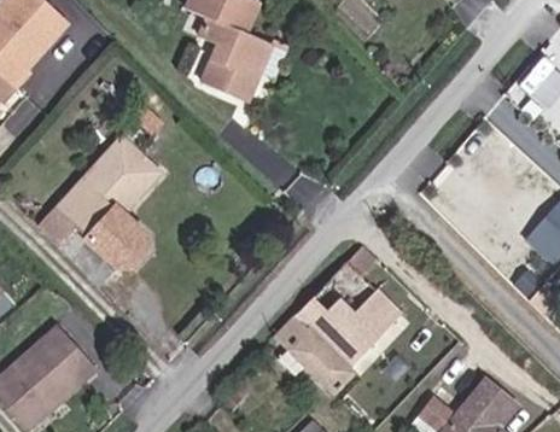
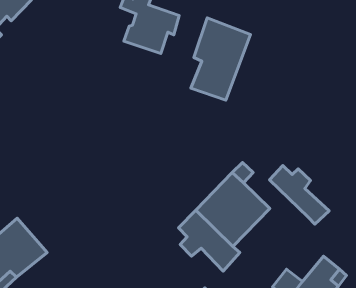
building: none -> [191,18,250,100]
building: [40,136,162,291] -> none
building: none -> [270,166,329,224]

